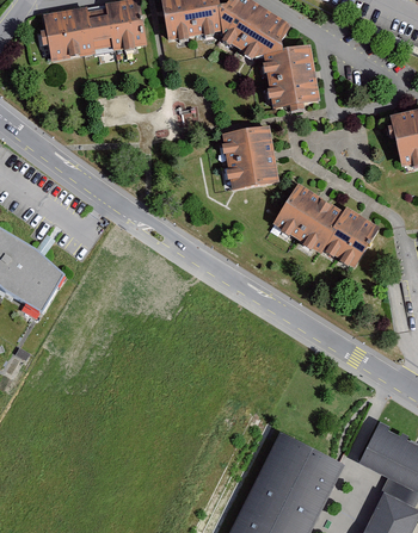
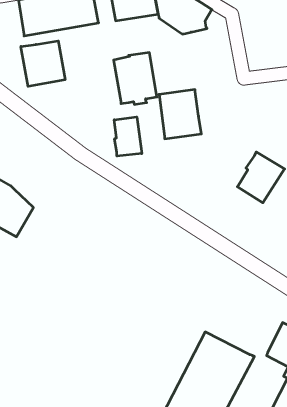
building: [263,44,318,110] -> [114,53,157,104]
building: none -> [21,41,65,86]
building: none -> [114,117,142,156]
building: [272,182,343,252] -> none

